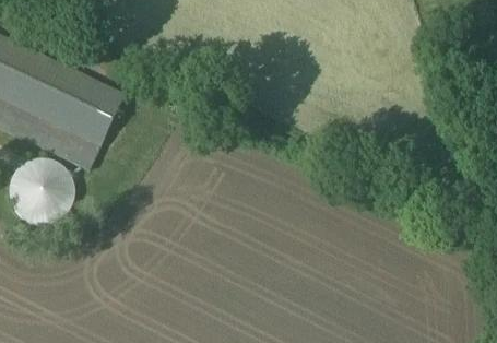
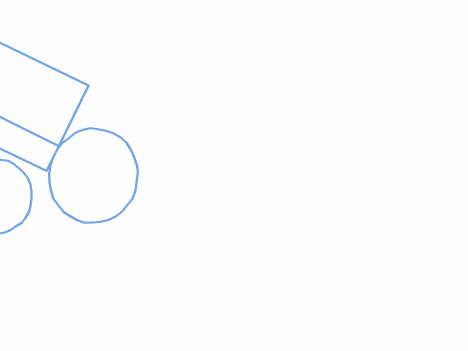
building: none -> [49,128,138,223]

